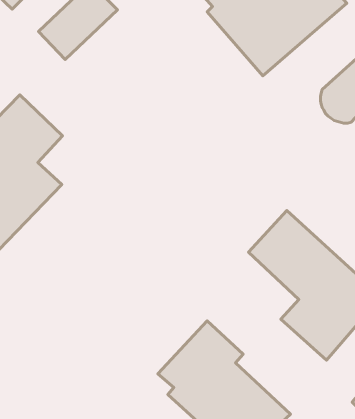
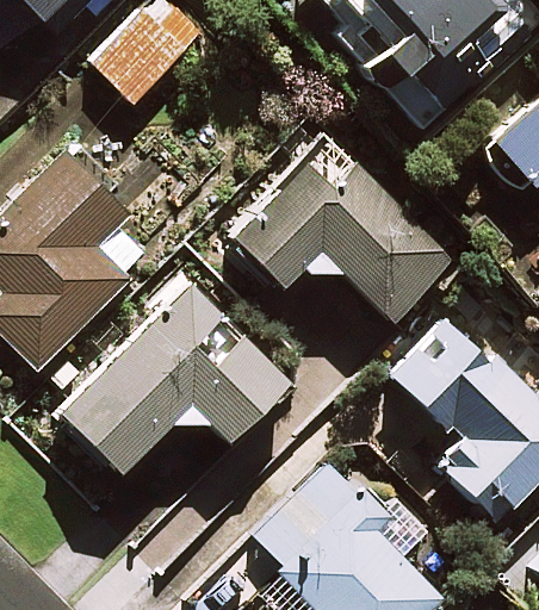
building: none -> [233,137,451,318]
building: none -> [60,280,286,468]

